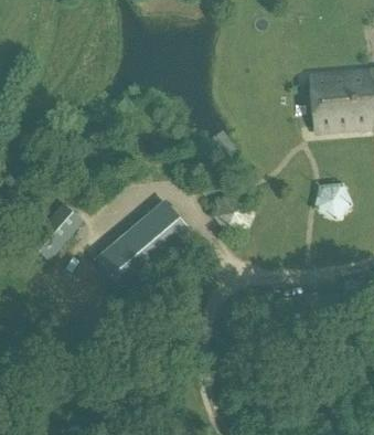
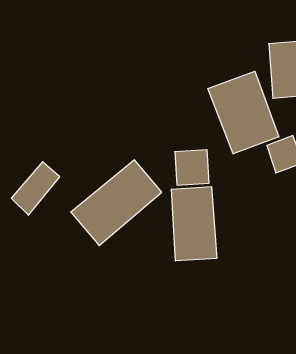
building: none -> [208,71,279,154]
building: none -> [172,187,217,261]

